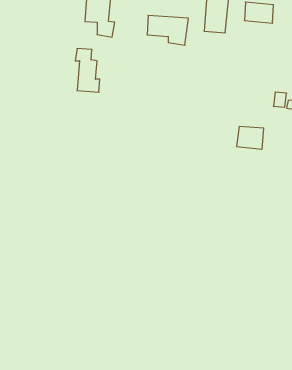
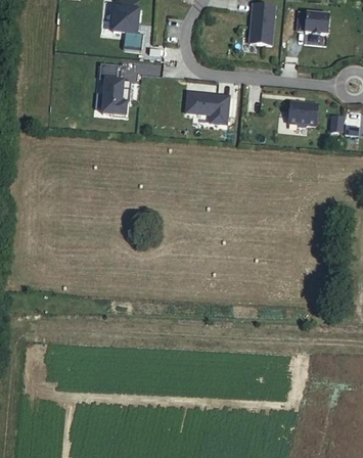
building: [147,15,188,45] -> [184,91,232,126]
building: [237,126,264,149] -> [286,100,318,127]

